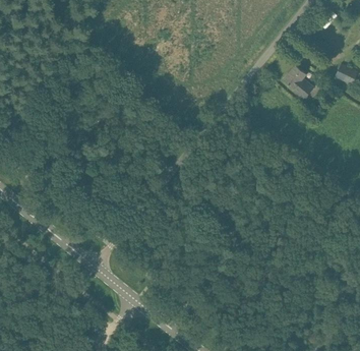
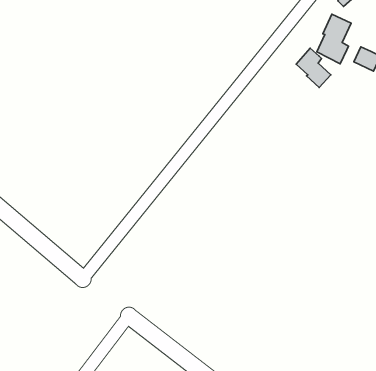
building: none -> [317,14,351,64]

